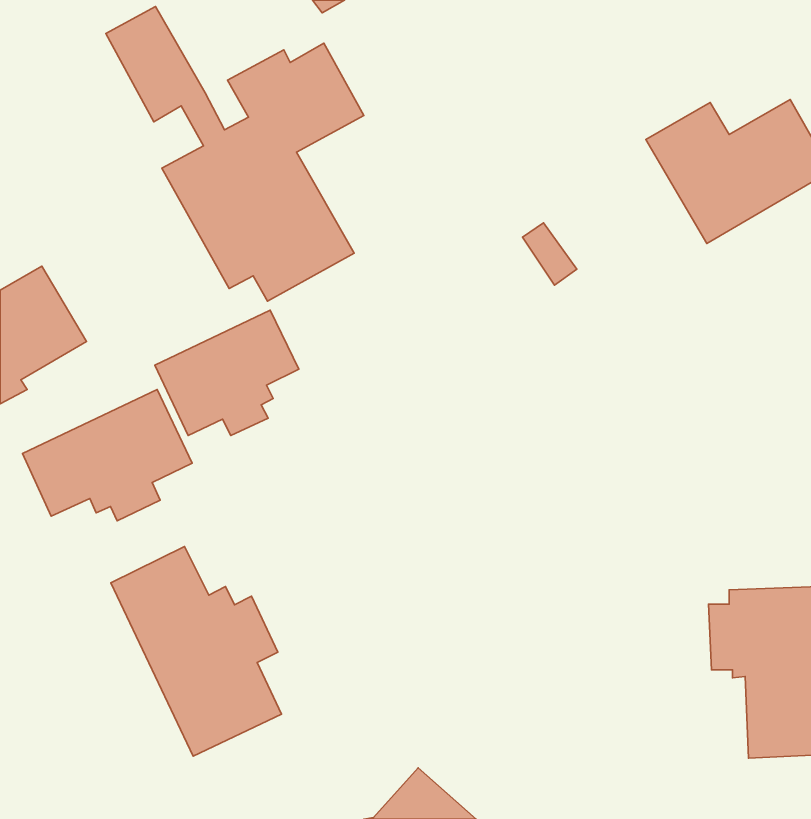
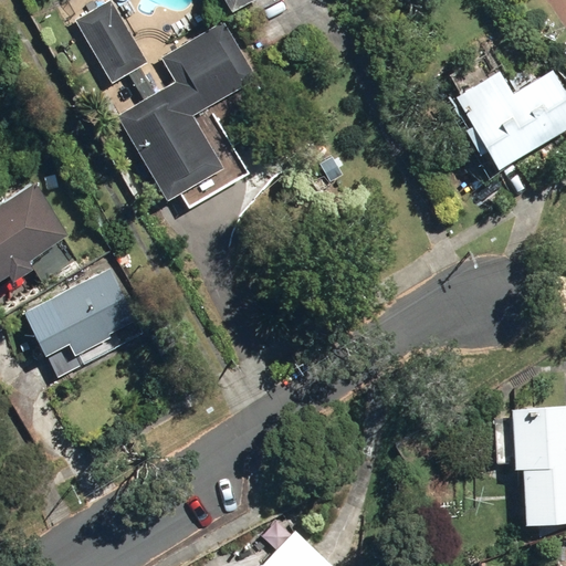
building: [155,310,299,436] -> none
building: [111,546,282,756] -> none

